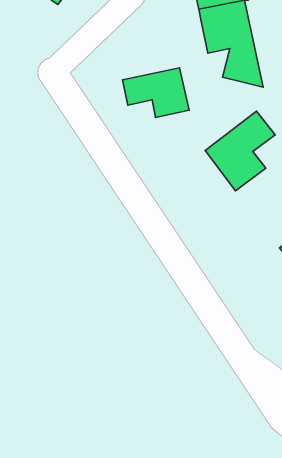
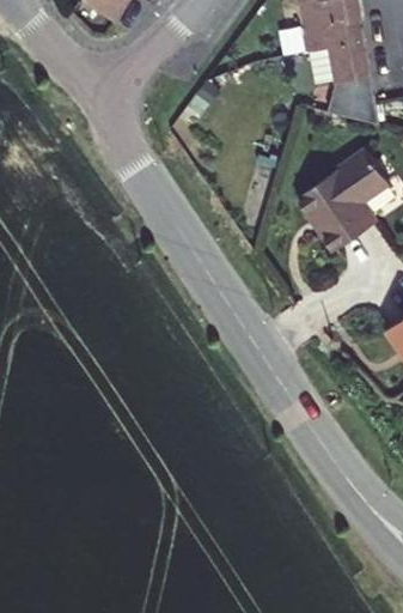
building: [123,68,189,117] -> none

